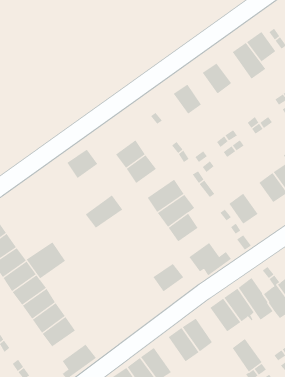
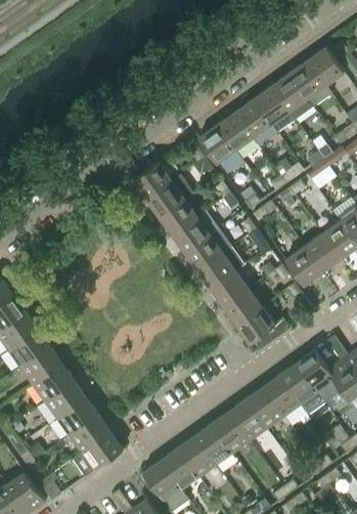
building: none -> [271,74,313,121]
building: none -> [235,99,277,146]
building: none -> [198,125,235,164]
building: [66,149,98,179] -> [133,163,172,200]
building: none -> [304,234,340,272]
building: [85,194,123,229] -> [172,211,219,253]
building: [26,242,66,279] -> none
building: [152,263,184,292] -> [223,290,262,326]
building: none -> [69,416,110,454]
building: none -> [194,424,232,467]
building: [232,338,263,372] -> [246,388,283,430]

